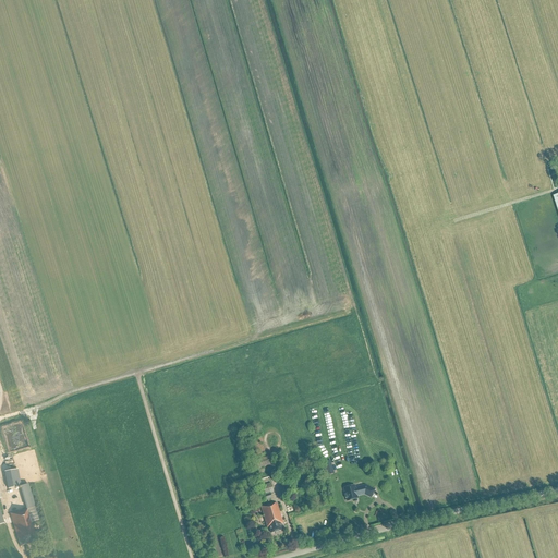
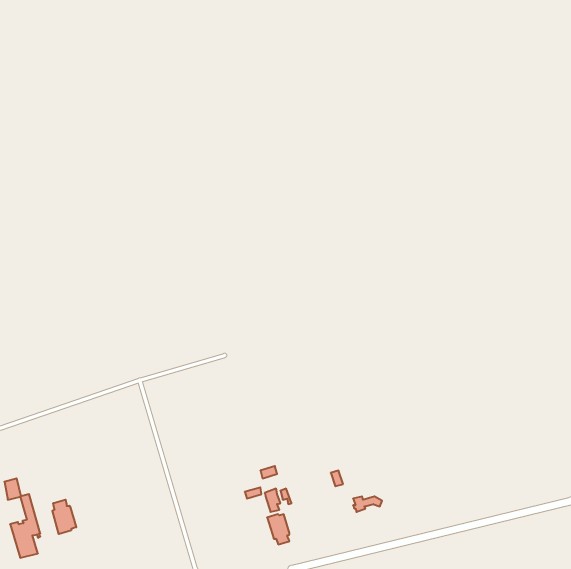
building: none -> [52,500,76,534]

